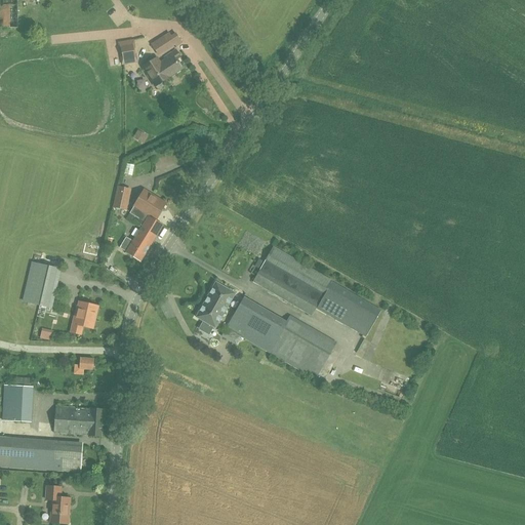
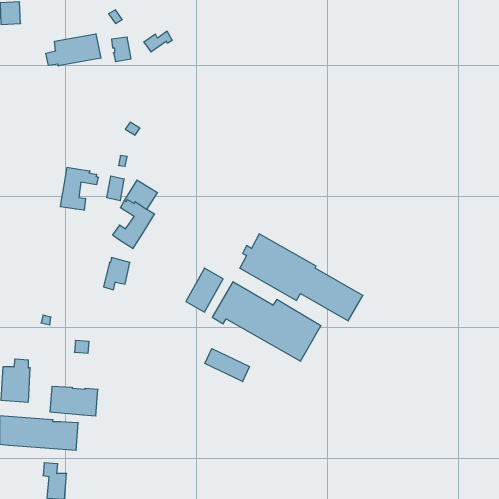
building: none -> [46,34,101,66]
building: [142,49,180,80] -> none
building: none -> [60,167,98,210]
building: [23,262,58,307] -> none
building: [70,300,97,334] -> [104,258,130,290]
building: none -> [205,349,249,382]

